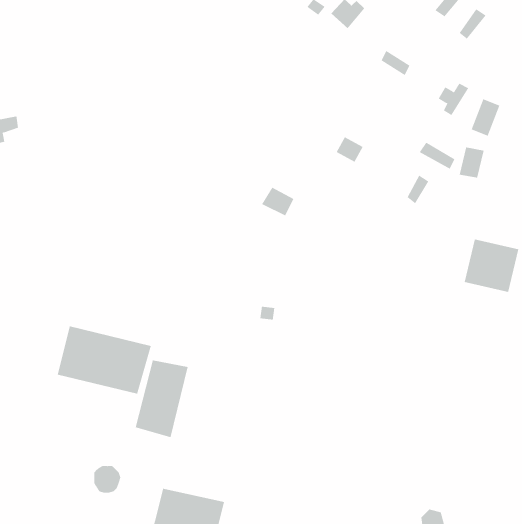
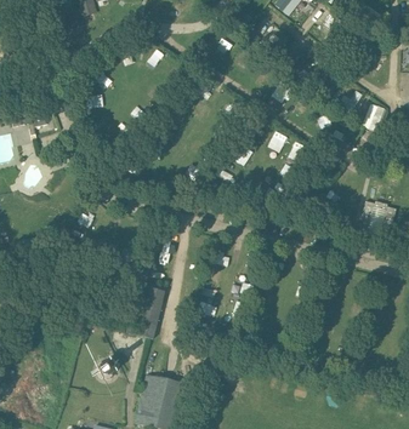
building: [57,325,151,395] -> none

